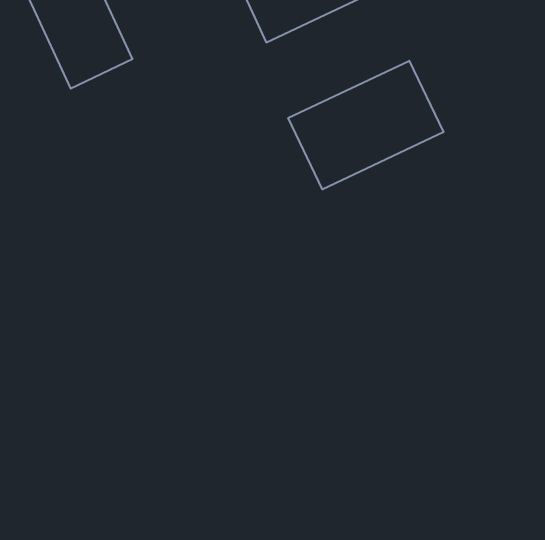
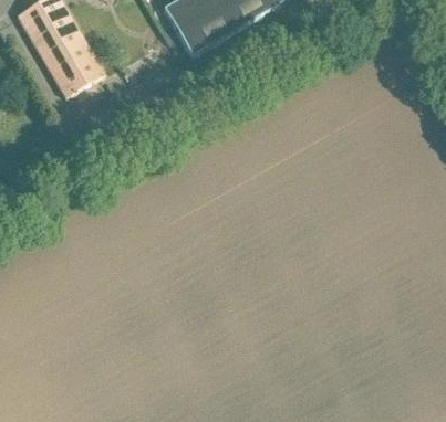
building: [288,61,443,189] -> none

